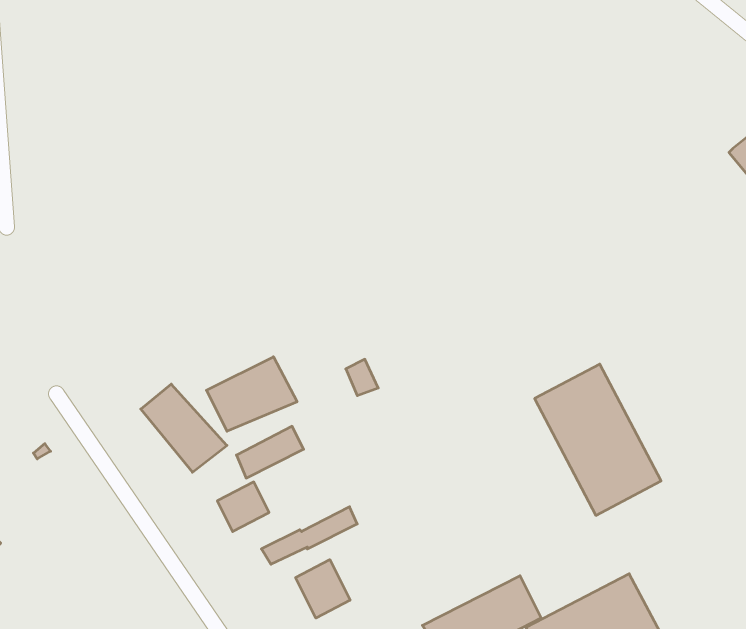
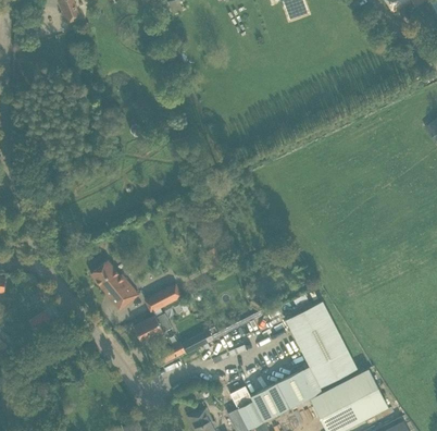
building: [206,357,297,431] -> none
building: [535,364,661,515] -> [285,301,357,387]
building: [296,560,350,618] -> none

